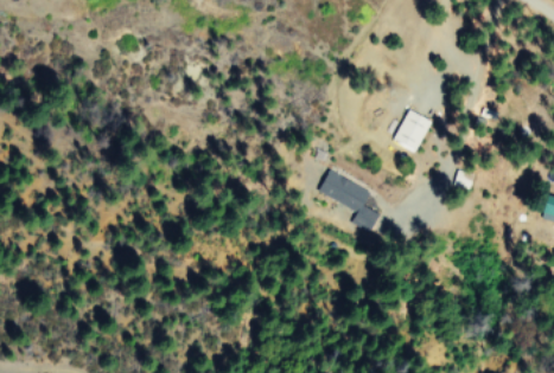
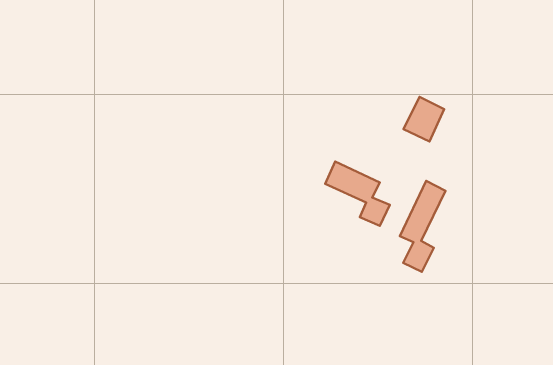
building: none -> [400,181,445,272]

